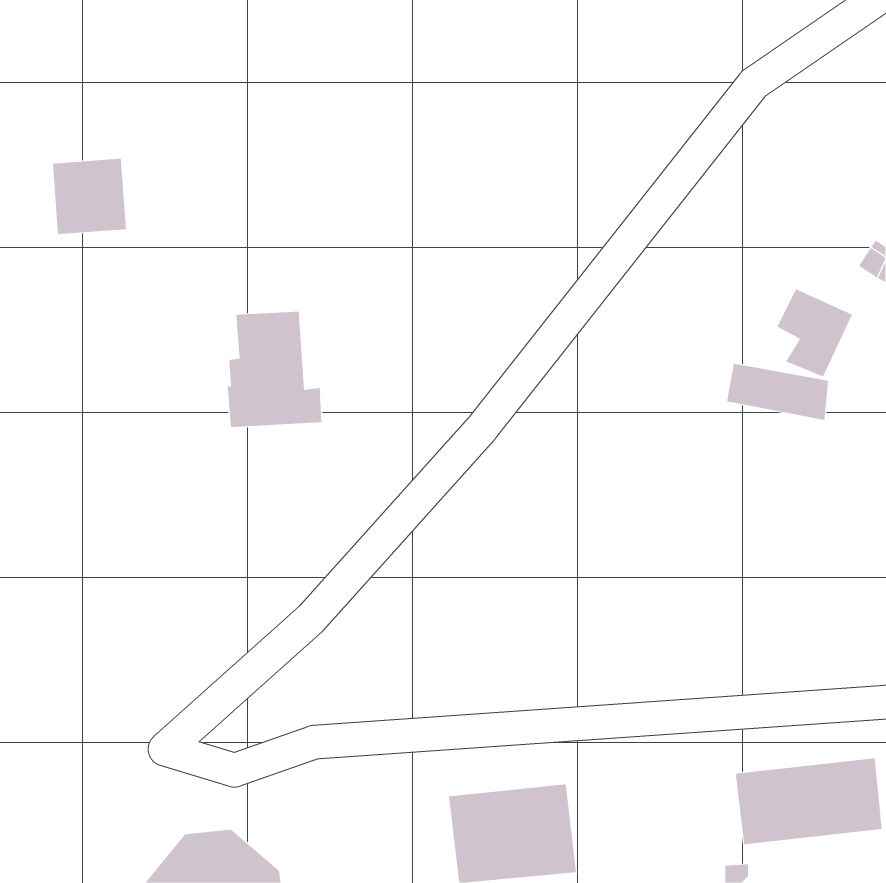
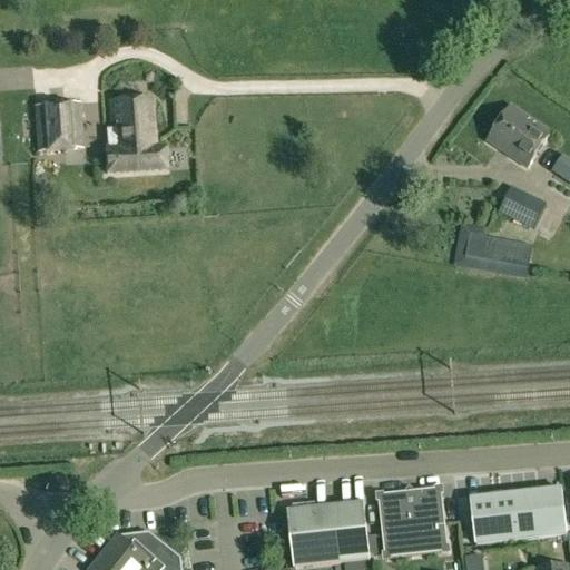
building: none -> [485,104,550,166]
building: [227,311,322,428] -> [104,97,165,171]
building: none -> [379,485,448,554]

